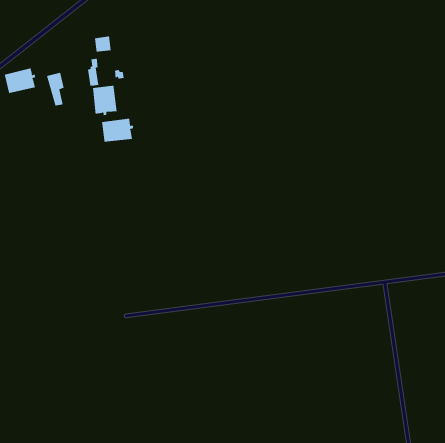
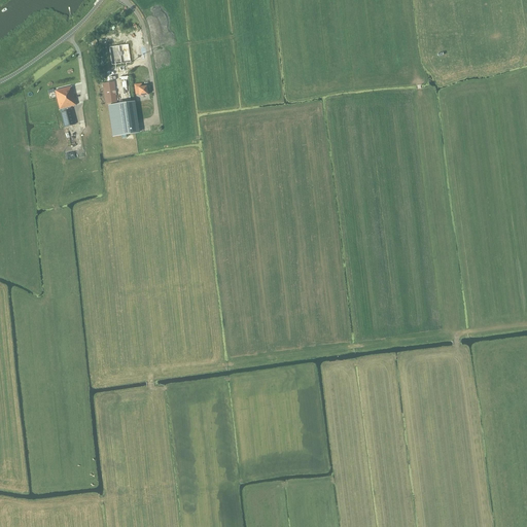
building: [4,67,36,94] -> none
building: [102,118,134,143] -> none

